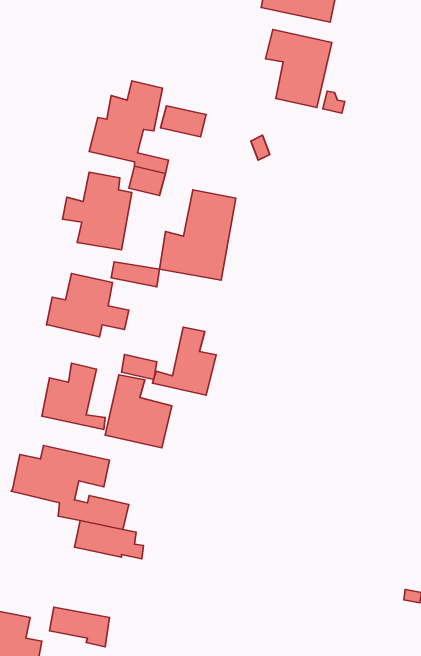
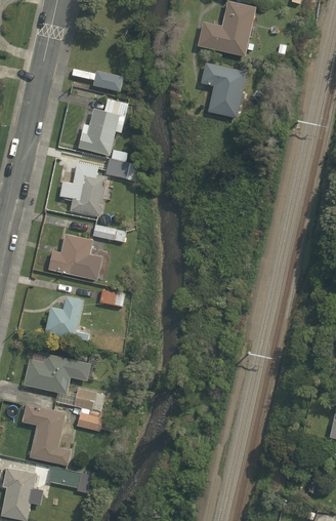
building: [161,106,206,137] -> [92,71,124,92]
building: [160,190,236,280] -> none
building: [153,327,216,395] -> none
building: [105,375,172,448] -> none
building: none -> [22,403,71,465]

